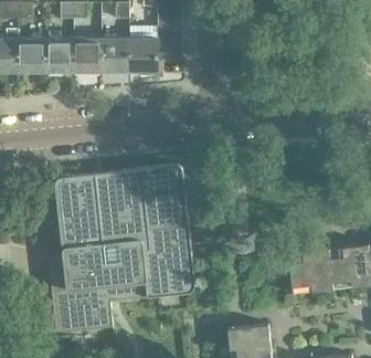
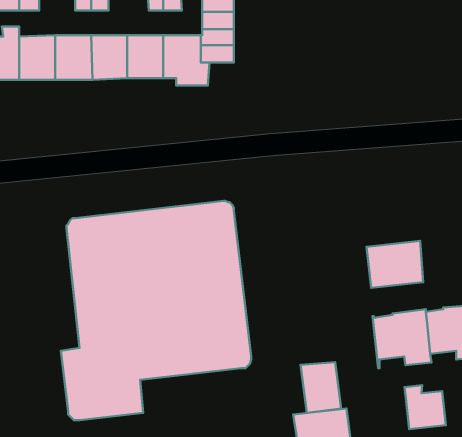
building: none -> [367,241,423,288]
building: none -> [301,362,341,413]
building: none -> [405,385,446,429]

